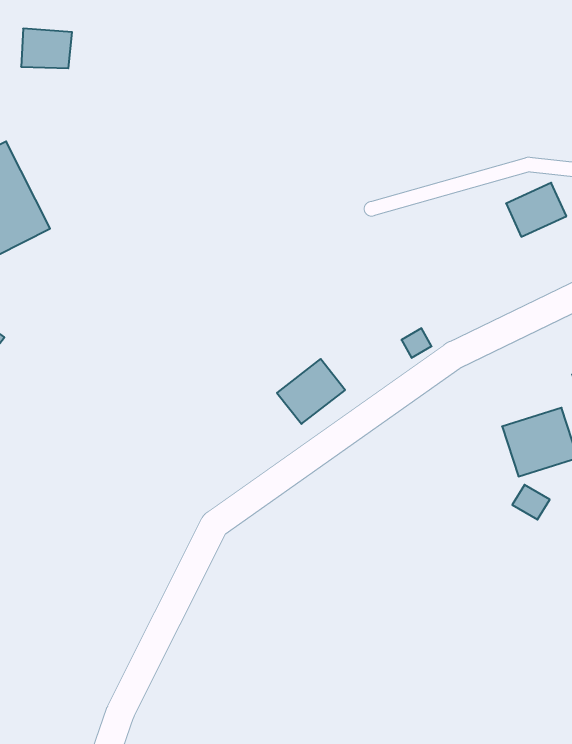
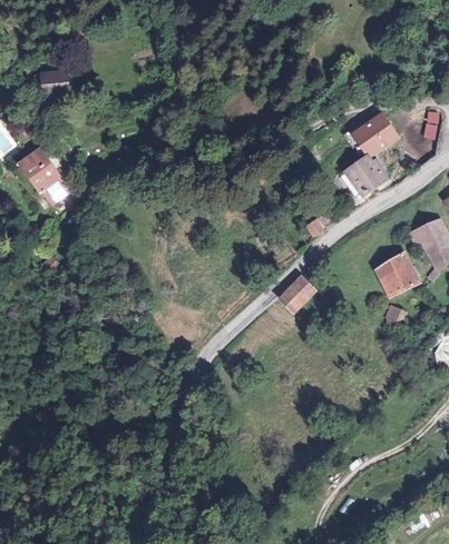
building: none -> [339,155,390,200]
building: [277,359,345,424] -> [274,275,315,316]

